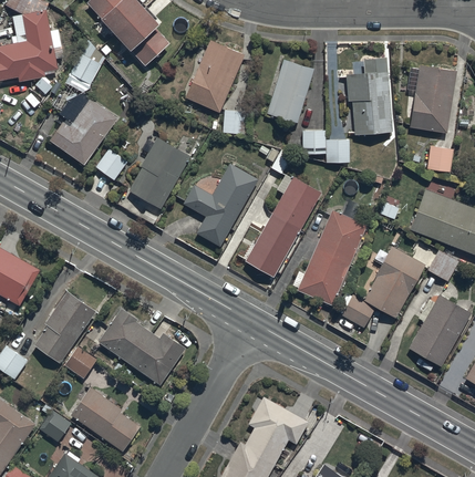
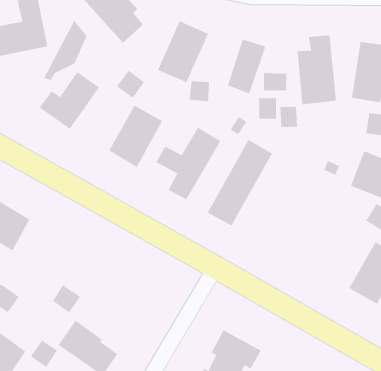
building: none -> [263,72,287,91]
building: [96,148,130,182] -> [116,70,145,99]
building: [296,211,366,307] -> none
building: [341,247,425,329] -> none
building: [34,290,95,363] -> none
building: [96,308,186,386] -> none

